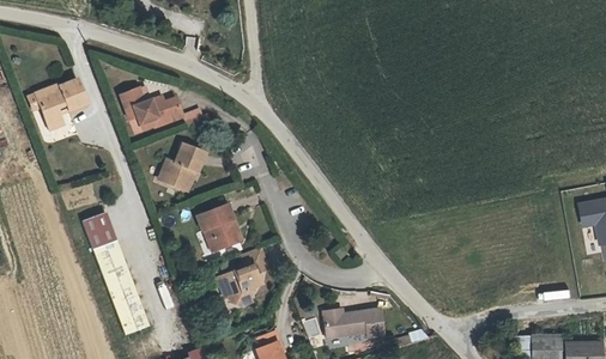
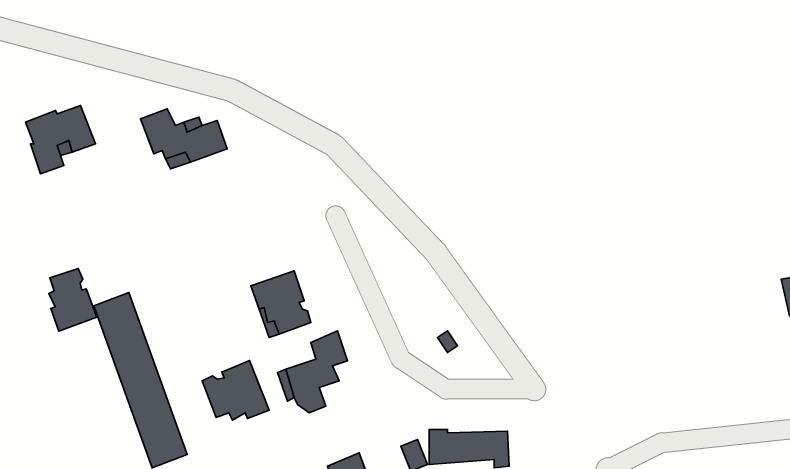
building: [159,136,201,184] -> none
building: none -> [49,268,97,331]
building: none -> [202,361,269,420]

